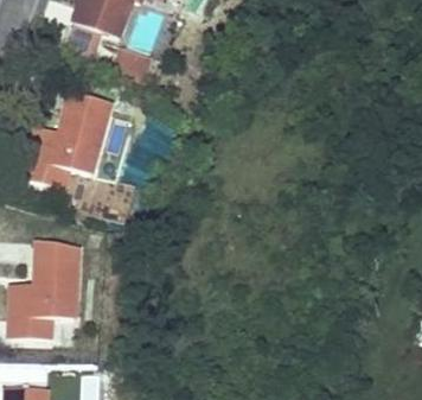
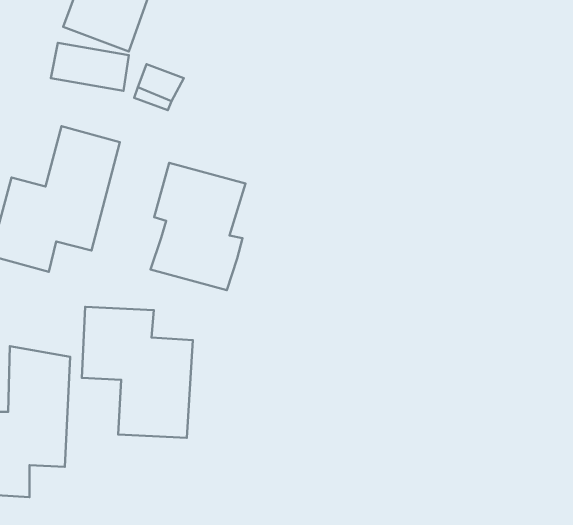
building: none -> [151,163,245,290]
building: none -> [82,307,193,438]

